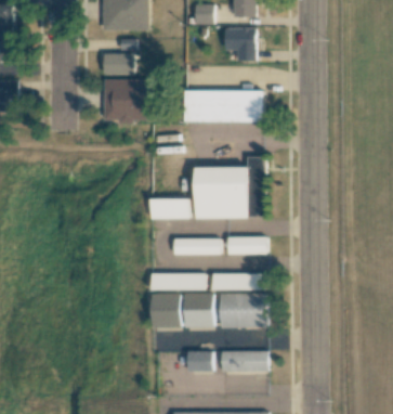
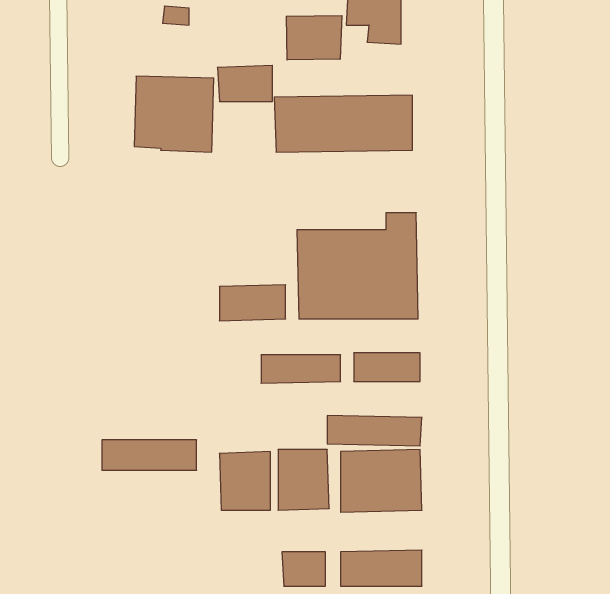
building: none -> [286,16,342,60]
building: [103,53,134,74] -> [217,65,272,101]
building: [152,273,206,290] -> [102,440,197,470]

